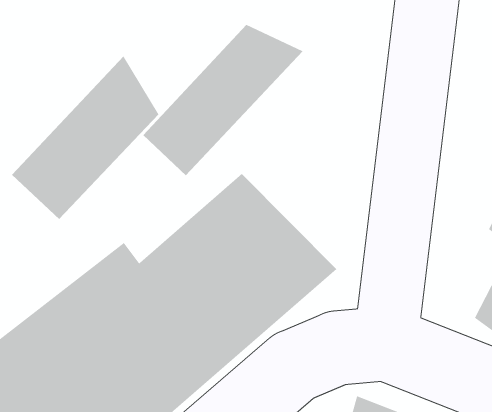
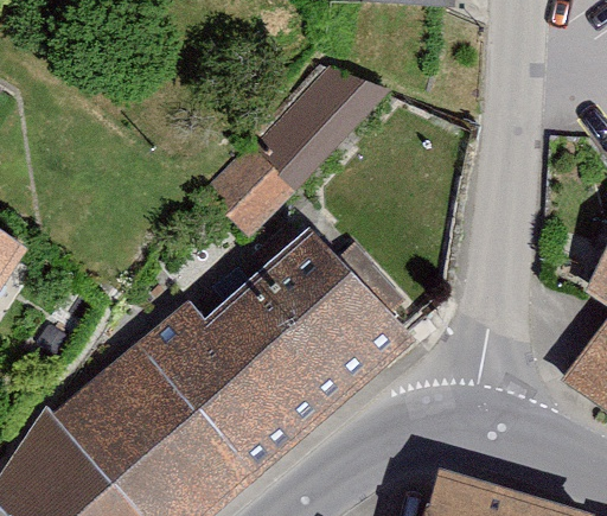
building: [11,55,159,220] -> none

